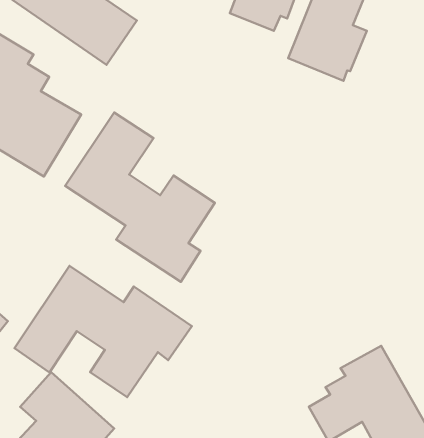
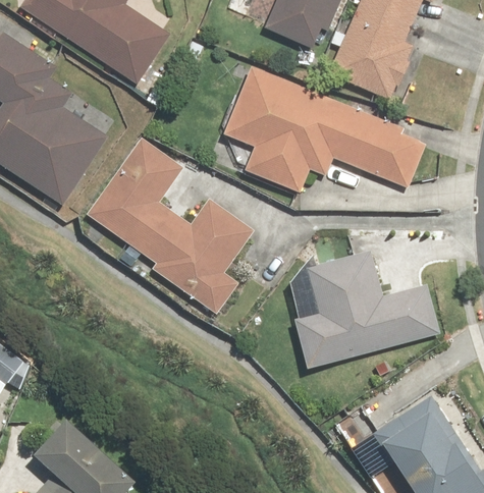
building: none -> [222,62,428,194]
building: none -> [286,248,440,372]
building: [15,266,192,397] -> none

